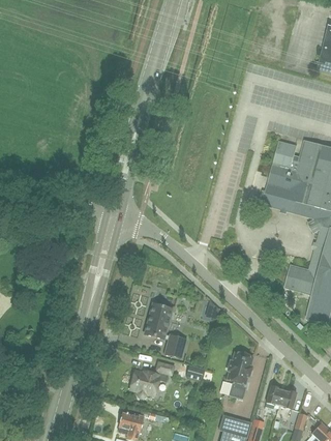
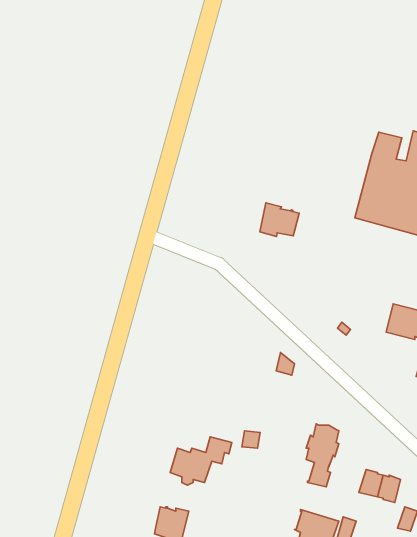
building: none -> [260,203,299,237]
building: [145,302,186,357] -> none

